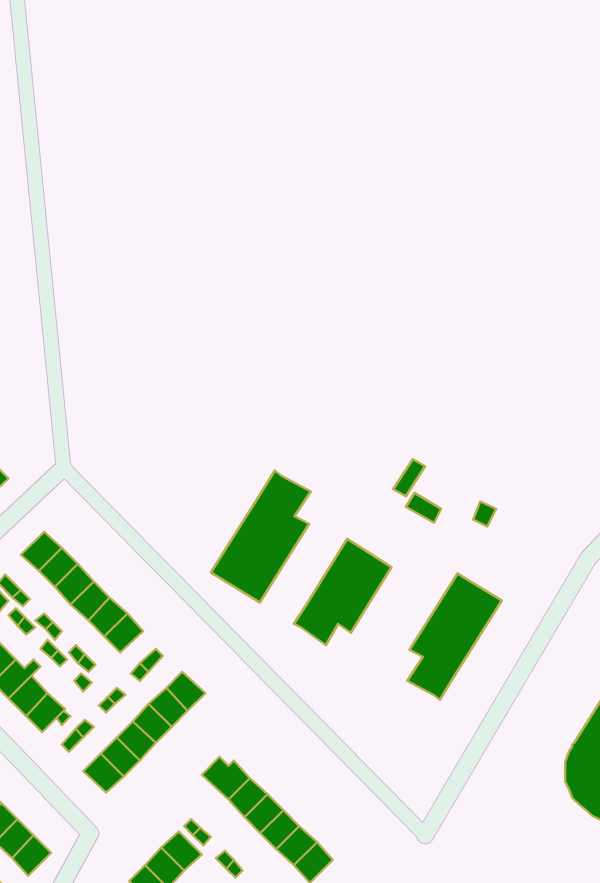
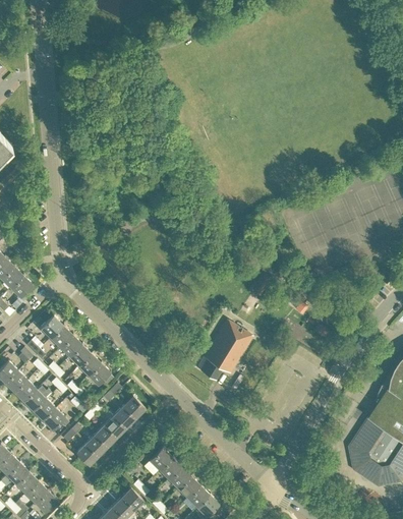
building: [211,471,311,602] -> none
building: [407,574,502,700] -> none

